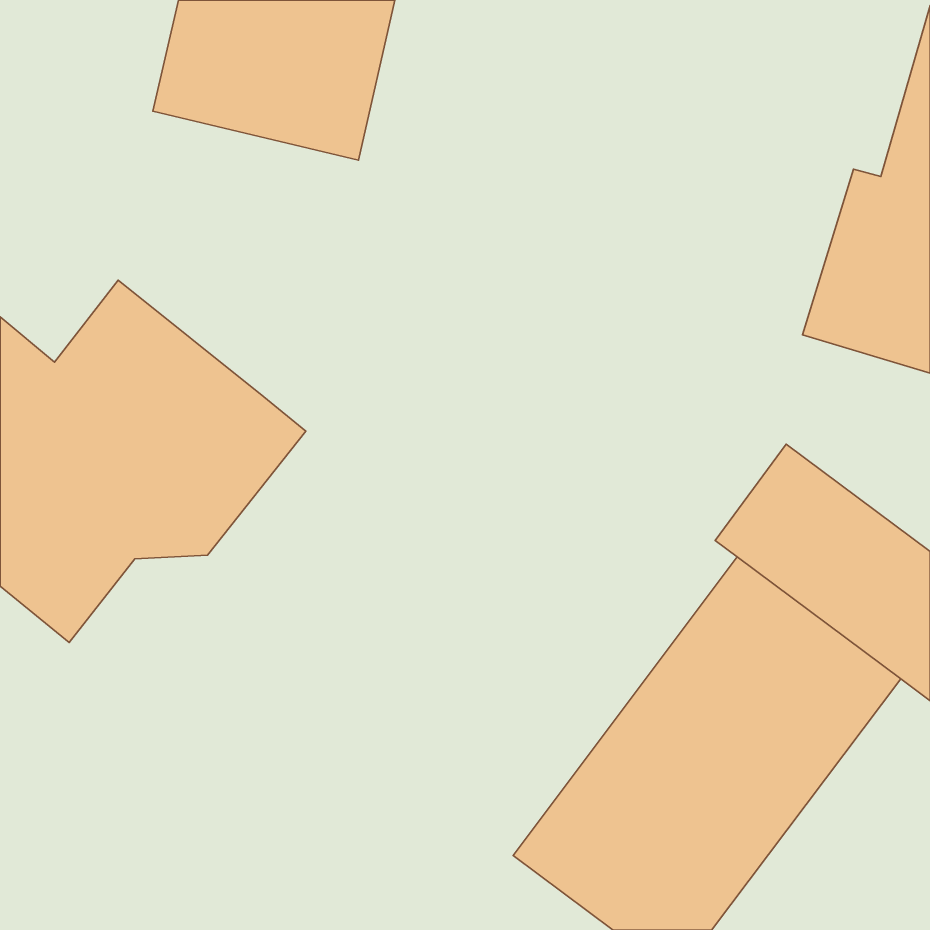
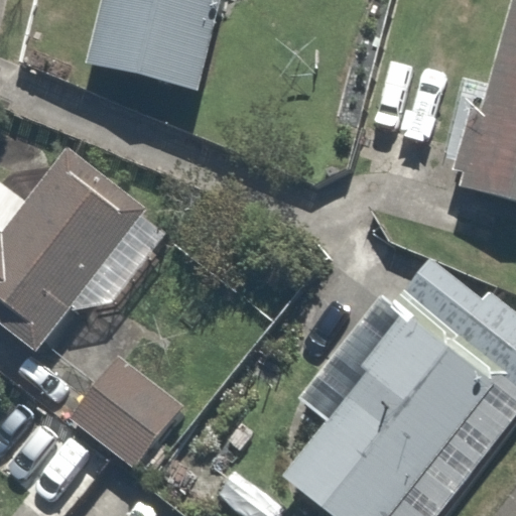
building: none -> [71,352,191,474]

